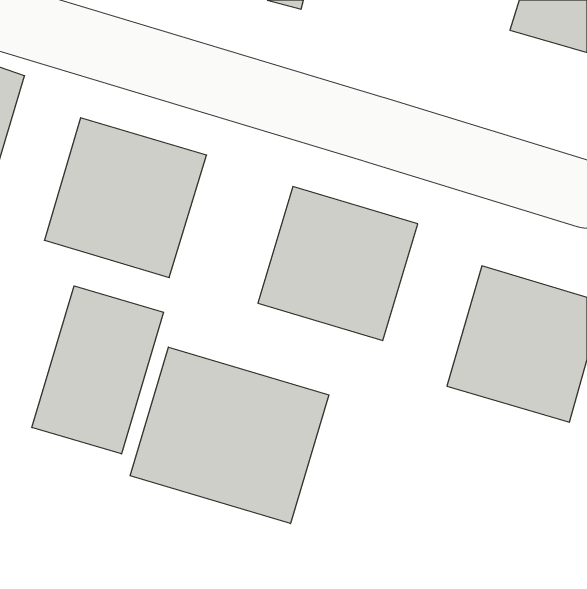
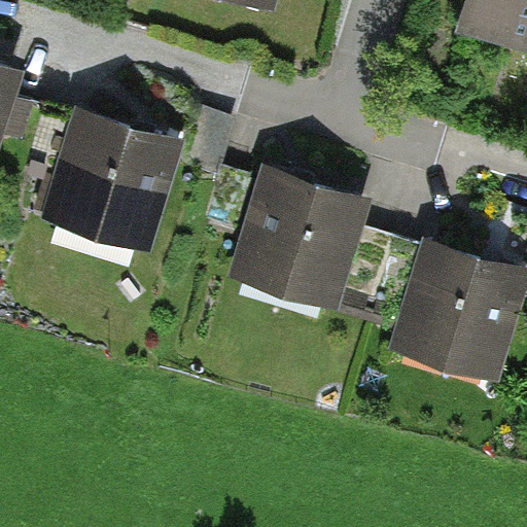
building: [32,286,163,454] -> none
building: [130,347,329,524] -> none

